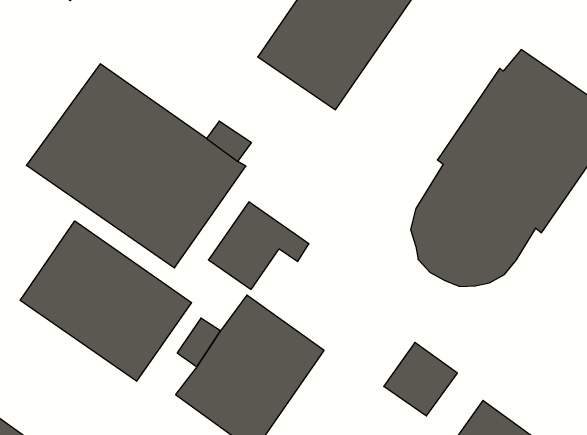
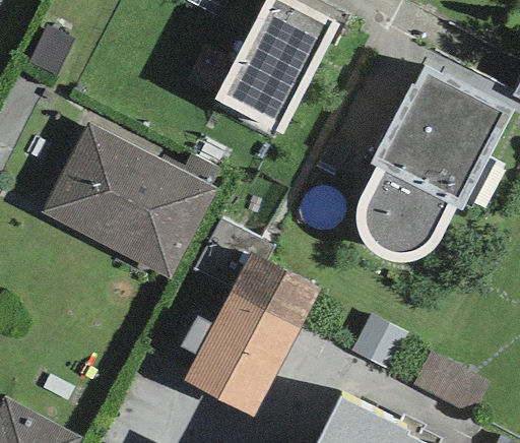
building: [20,221,192,381] -> none
building: none -> [231,252,320,329]

